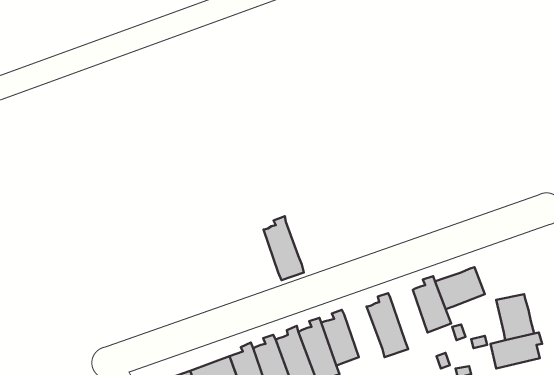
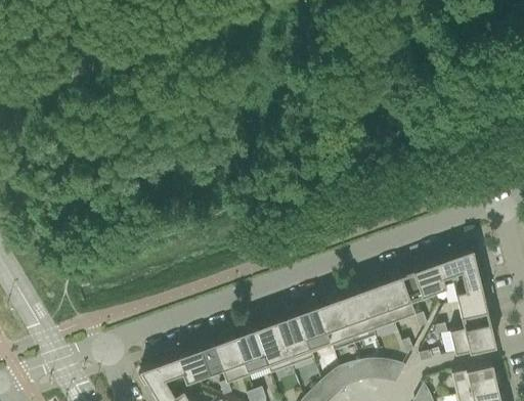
building: [263,216,304,280] -> [318,295,355,353]
building: none -> [437,251,482,294]
building: none -> [360,279,394,330]

